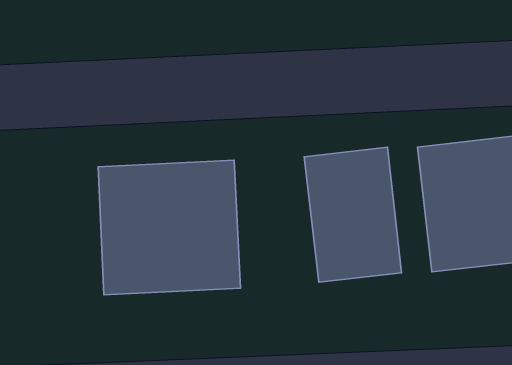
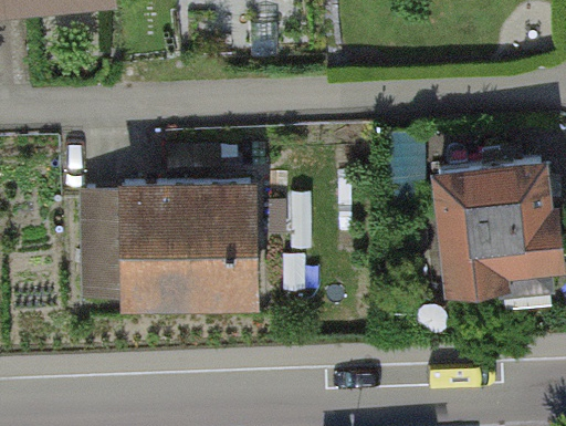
building: [304,147,401,282] -> none

